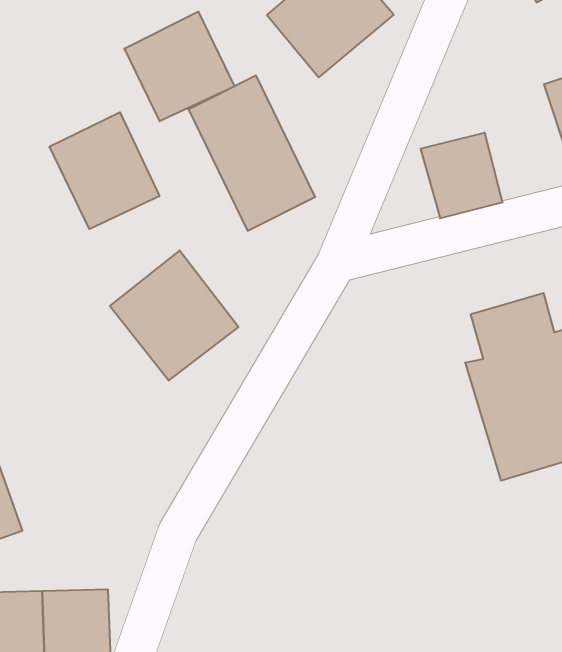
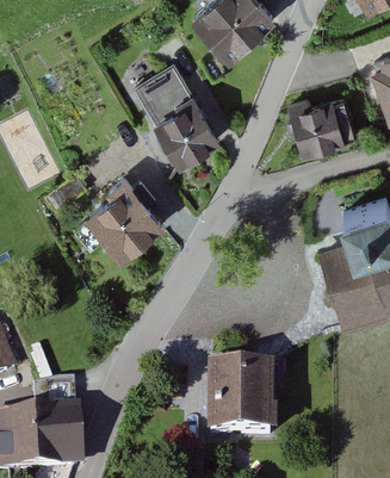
building: [124,12,235,121] -> none
building: [49,112,159,229] -> none
building: none -> [209,364,276,437]

